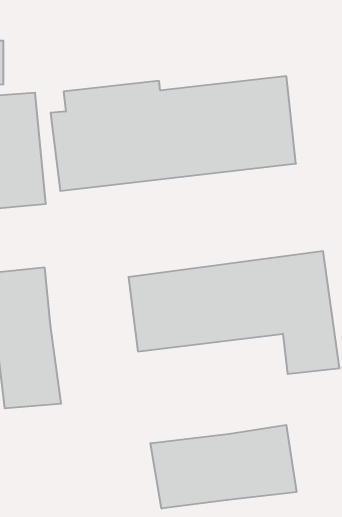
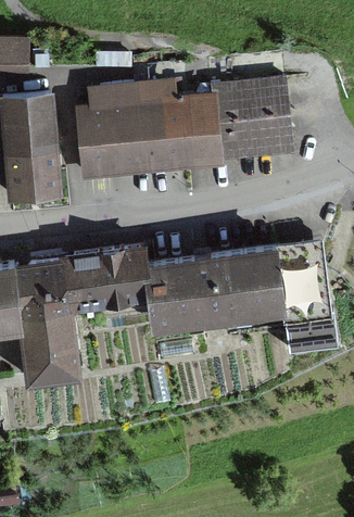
building: none -> [65,247,147,308]
building: [151,425,296,509] -> none

